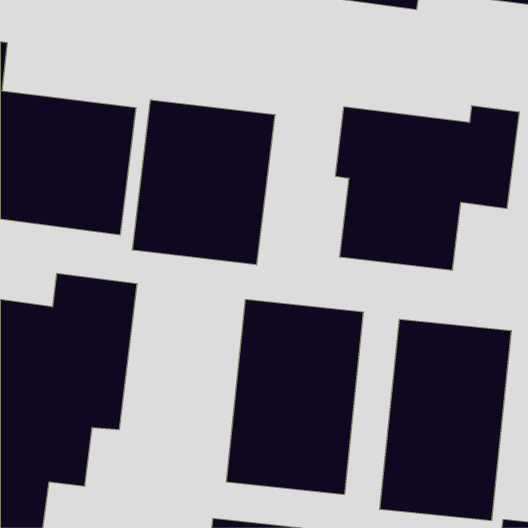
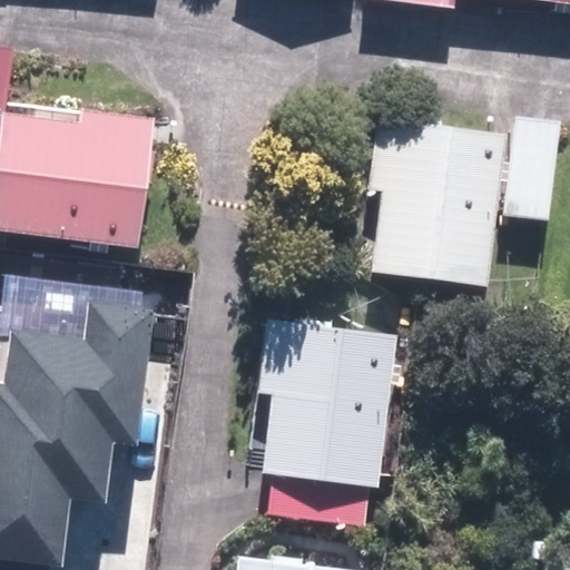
building: [132,100,275,265] -> none
building: [380,319,511,521] -> none

